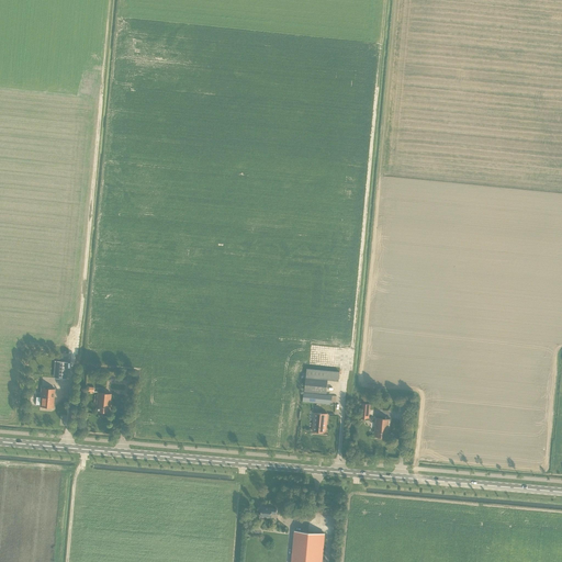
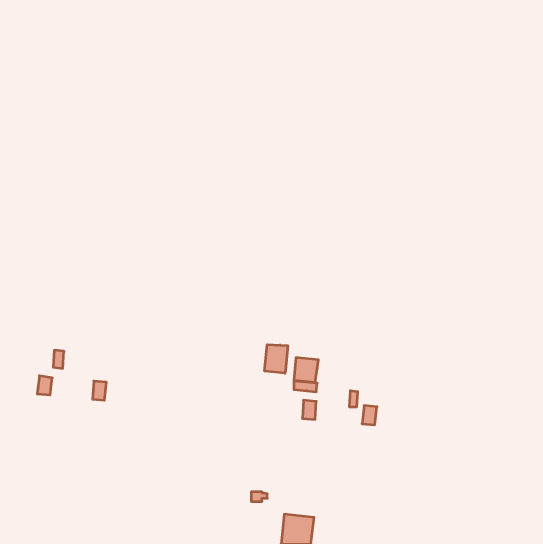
building: none -> [265,345,288,373]

